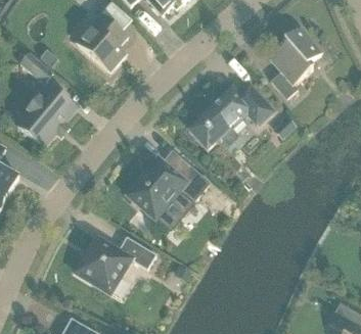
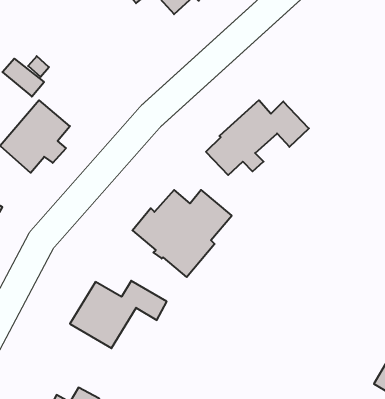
building: [75,12,124,70] -> none
building: [268,26,320,97] -> none

